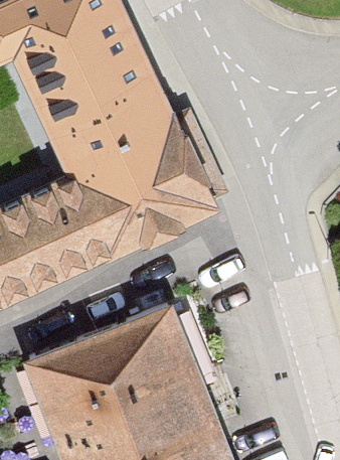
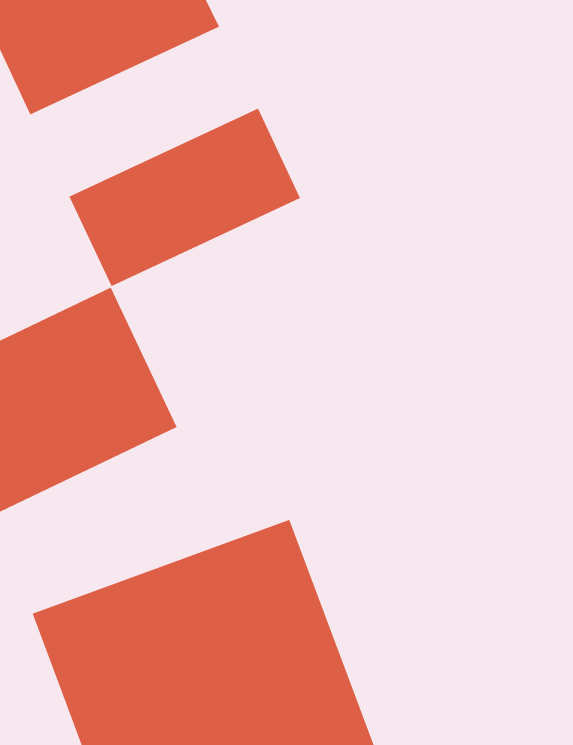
building: [29,34,154,127] -> none
building: [73,128,213,253] -> none

